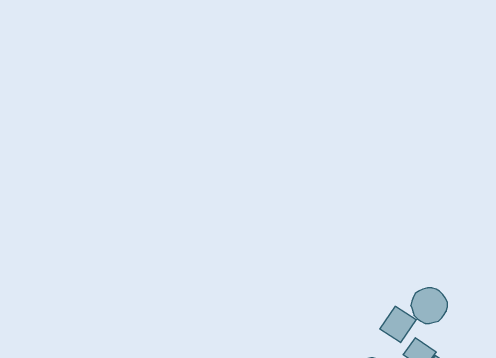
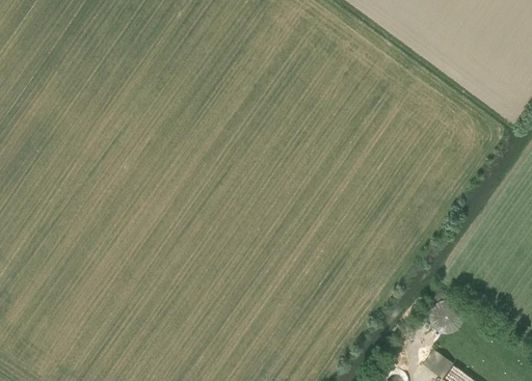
building: [380,306,416,343] -> none

